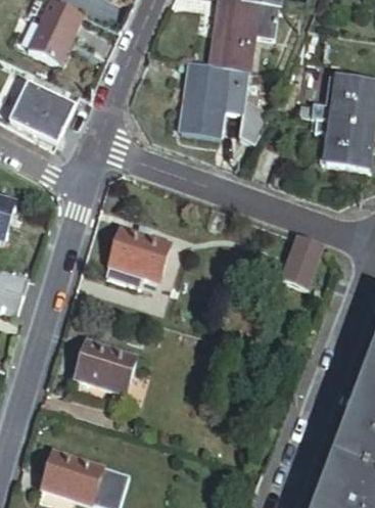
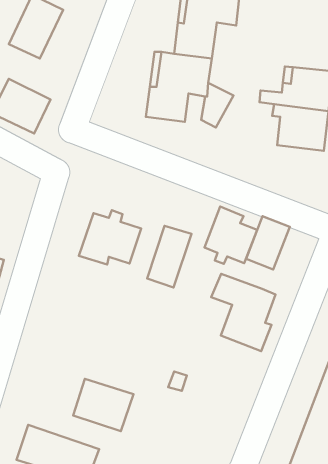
building: none -> [205,207,257,264]
building: none -> [147,226,192,287]
building: none -> [211,274,275,351]
building: [75,339,138,395] -> [73,379,134,431]

